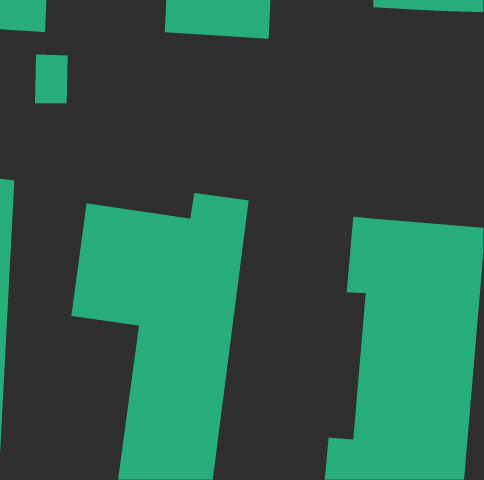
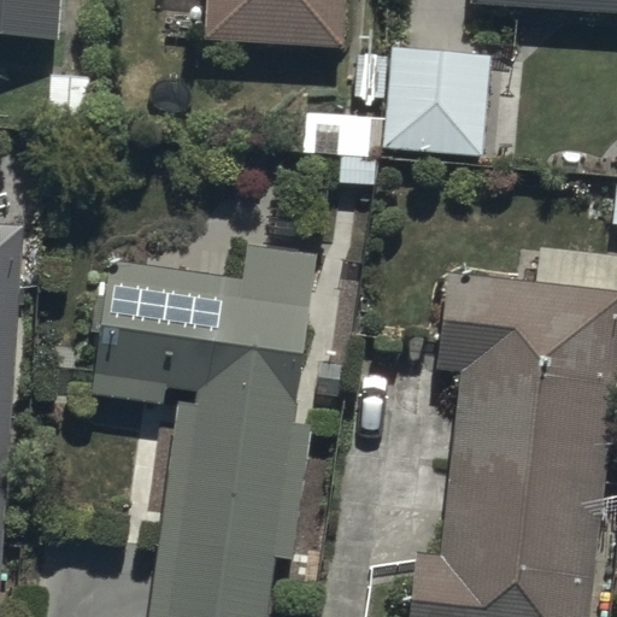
building: none -> [382,48,489,152]

